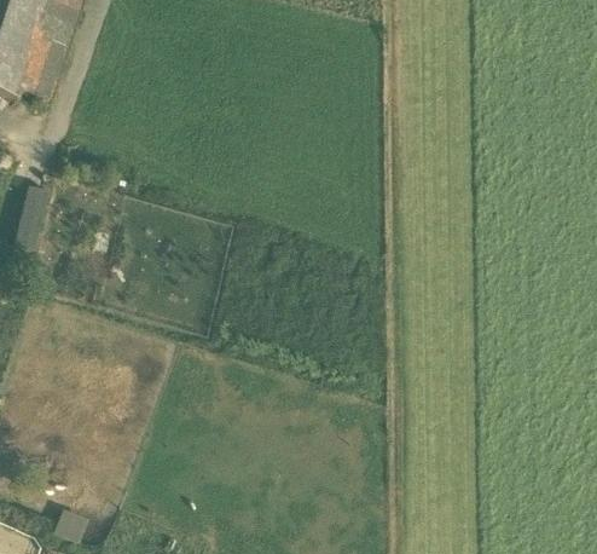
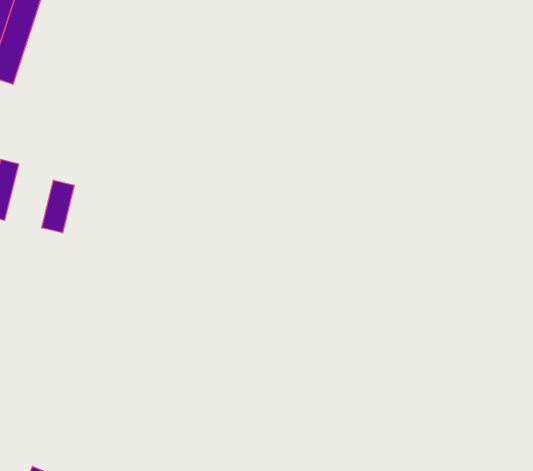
building: none -> [42,180,74,233]

